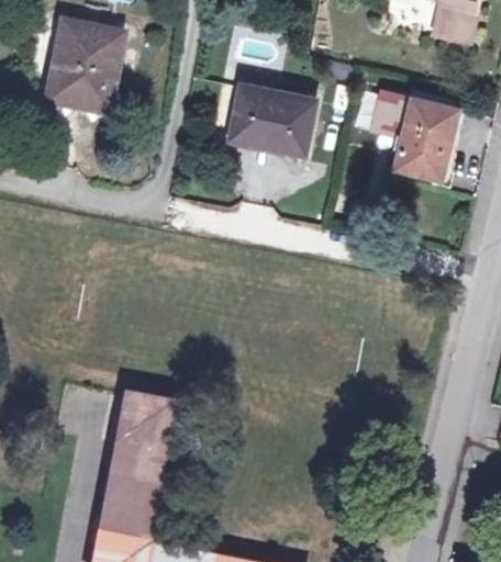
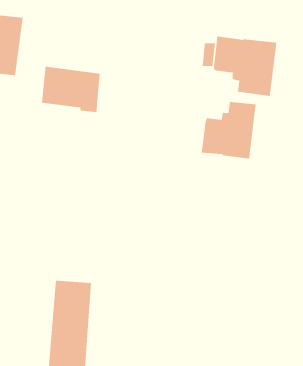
building: [229,85,312,154] -> [41,66,101,112]
building: none -> [201,101,256,160]

